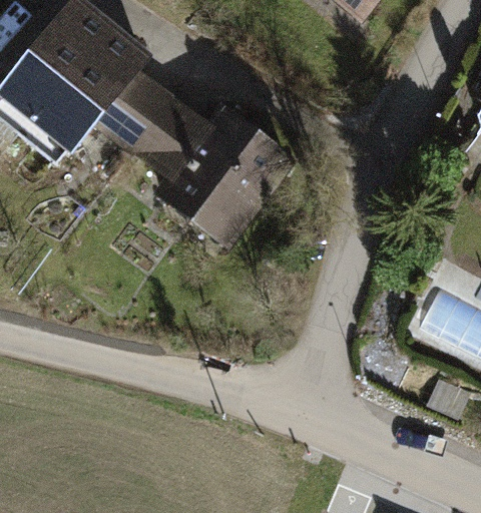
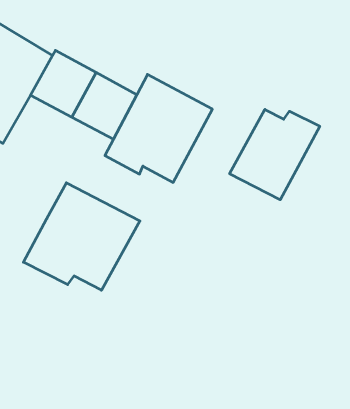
building: none -> [230,109,320,200]
building: none -> [23,183,140,290]

